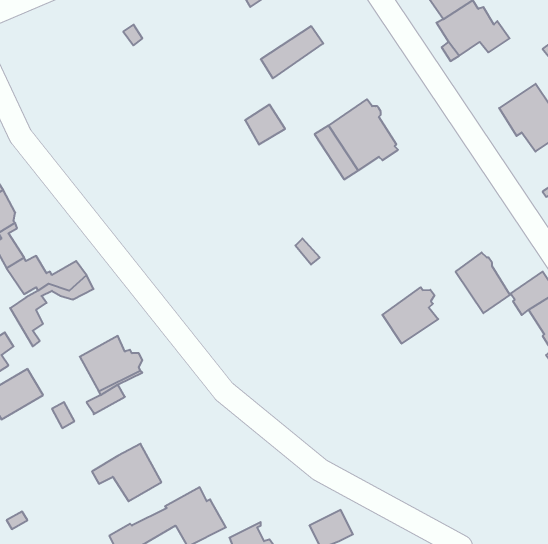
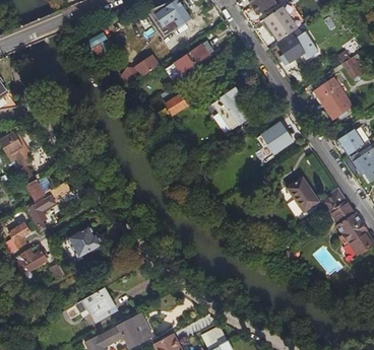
building: none -> [122,57,158,85]
building: none -> [260,121,295,154]
building: [382,287,438,344] -> none

